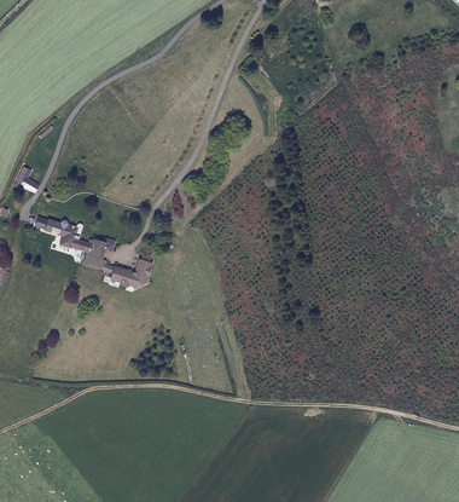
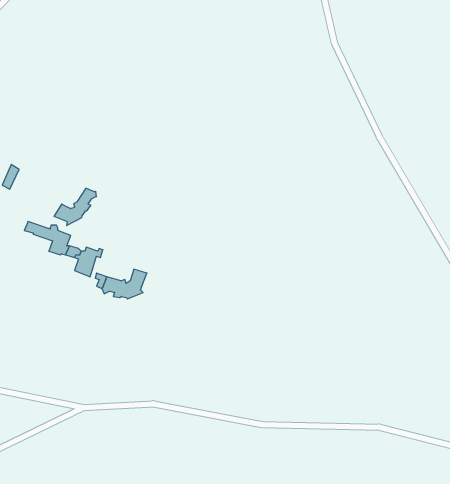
building: none -> [54,188,96,226]

